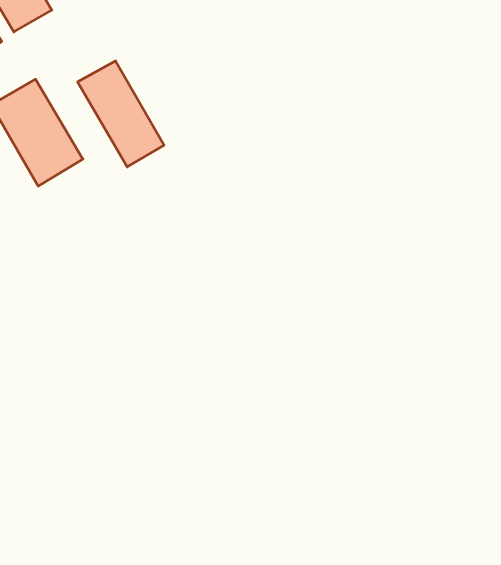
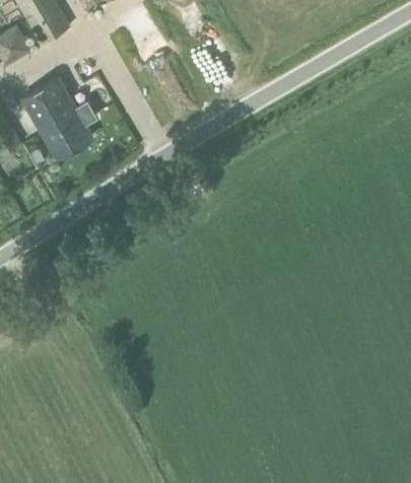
building: [78,61,164,167] -> none

